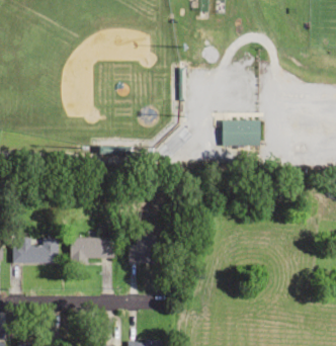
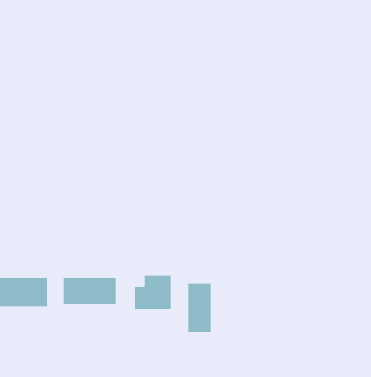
building: [223,119,261,146] -> none
building: none -> [188,283,212,333]

